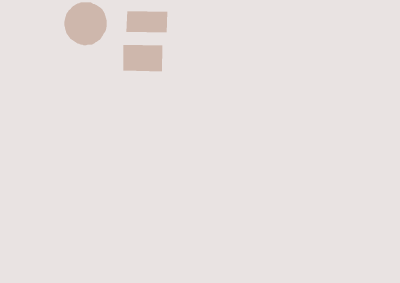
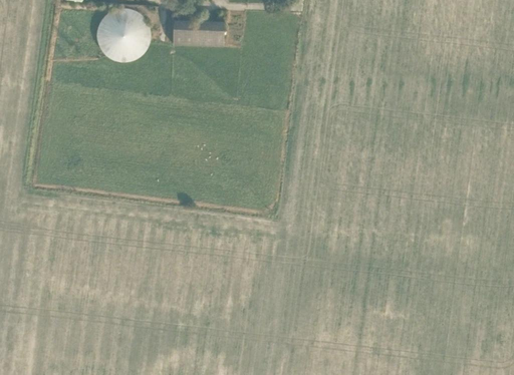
building: [123,44,163,72] -> none

